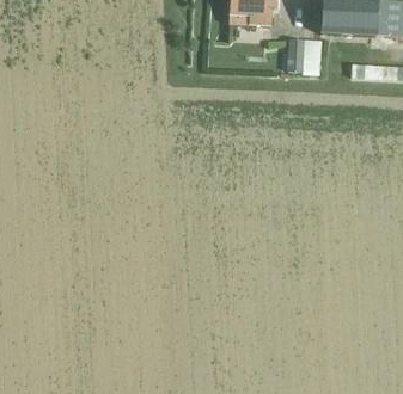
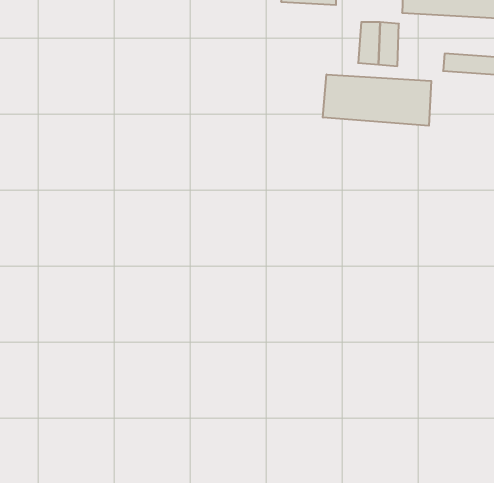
building: none -> [323,74,431,126]

